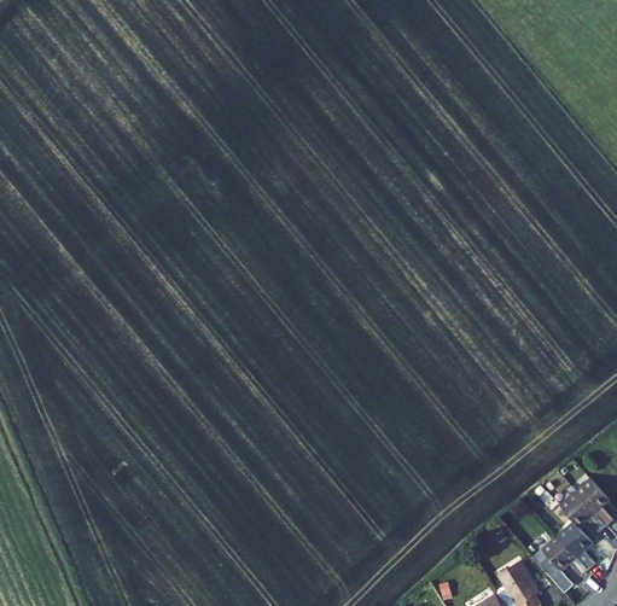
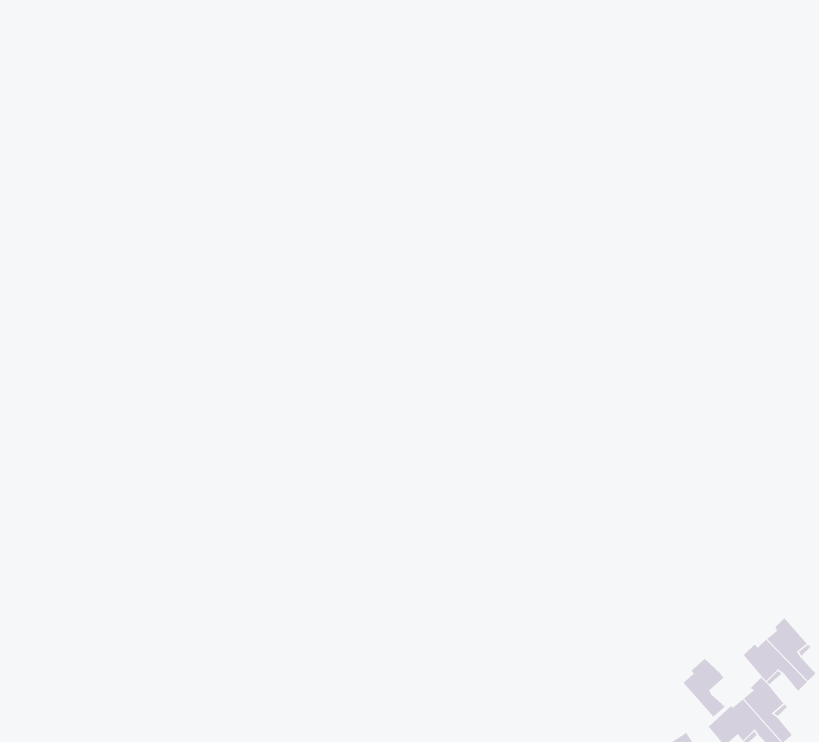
building: none -> [683,658,726,717]

